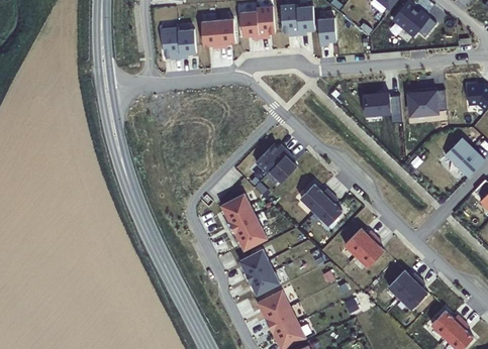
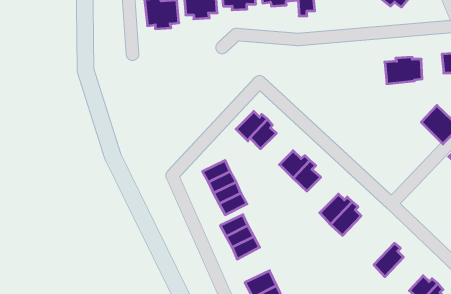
building: [362,93,390,115] -> none
building: [384,269,417,301] -> none
building: [256,290,289,319] -> none

